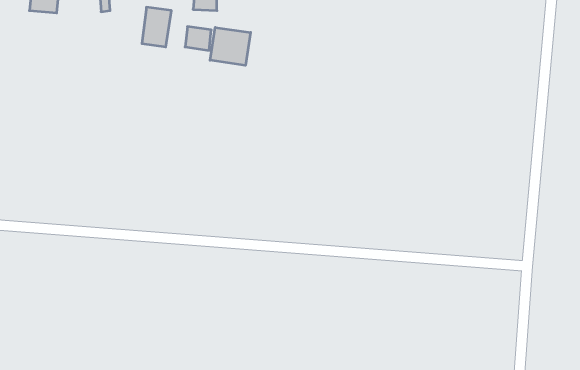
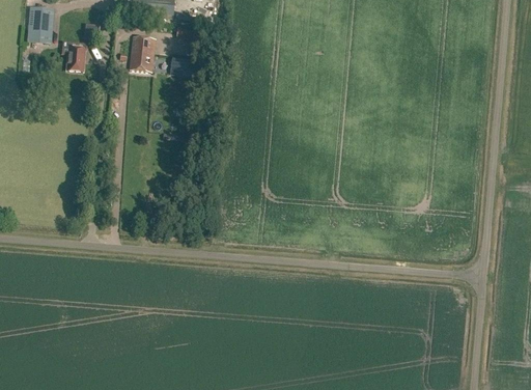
building: none -> [66,49,85,73]
building: [210,27,251,65] -> none

